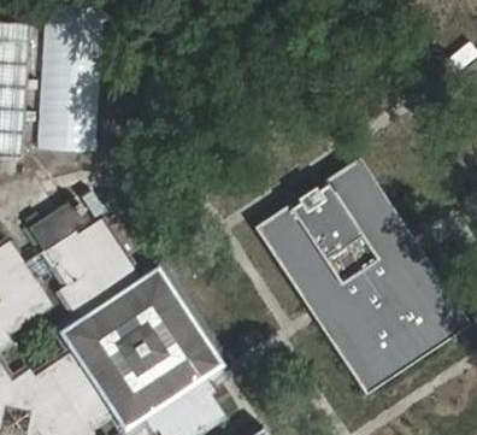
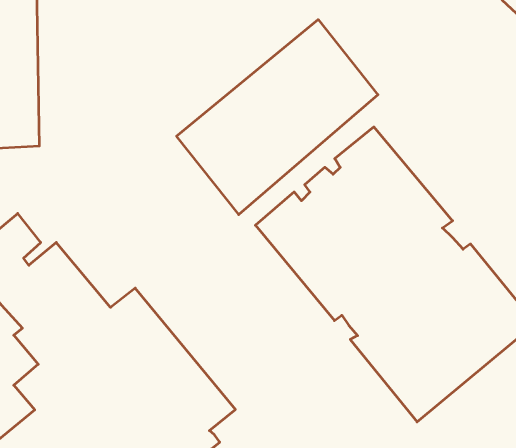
building: none -> [177,20,378,215]

